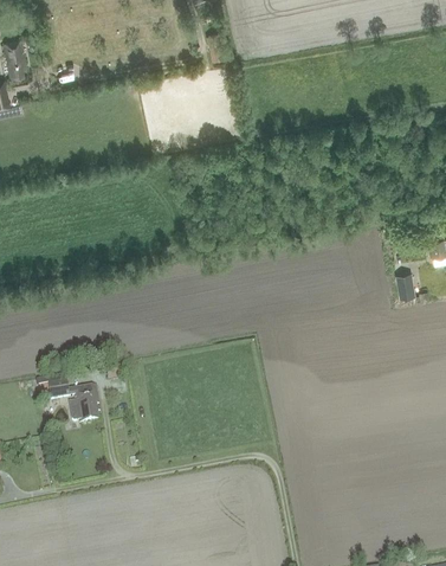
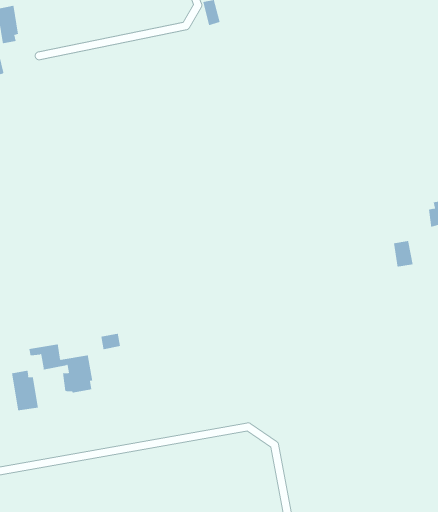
building: none -> [12,370,38,411]

